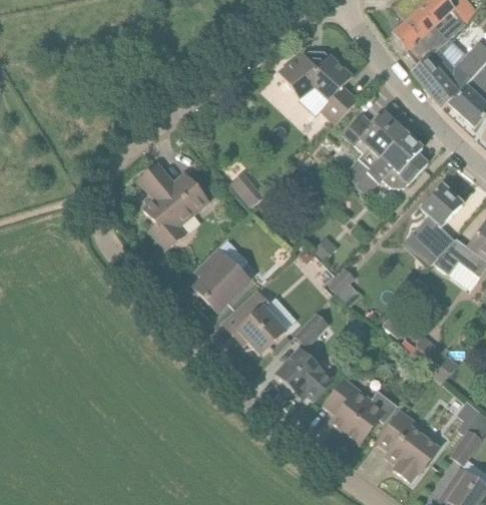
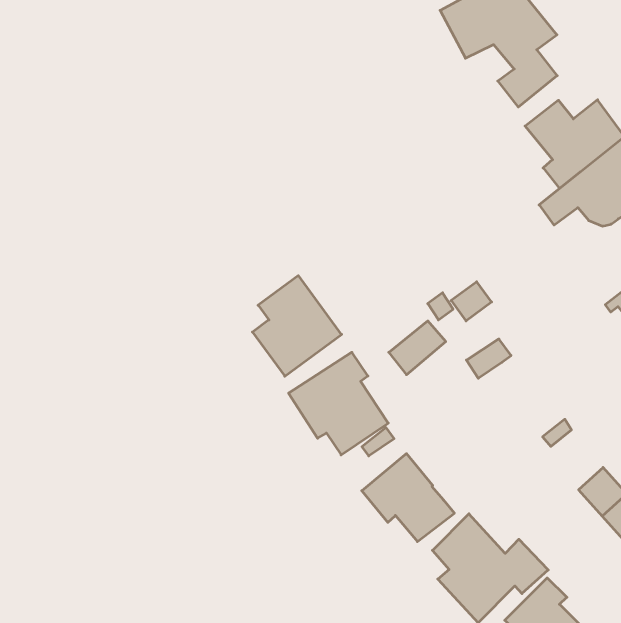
building: [138,163,208,248] -> none
building: [228,170,264,206] -> none
building: [295,312,329,347] -> [389,321,446,375]

